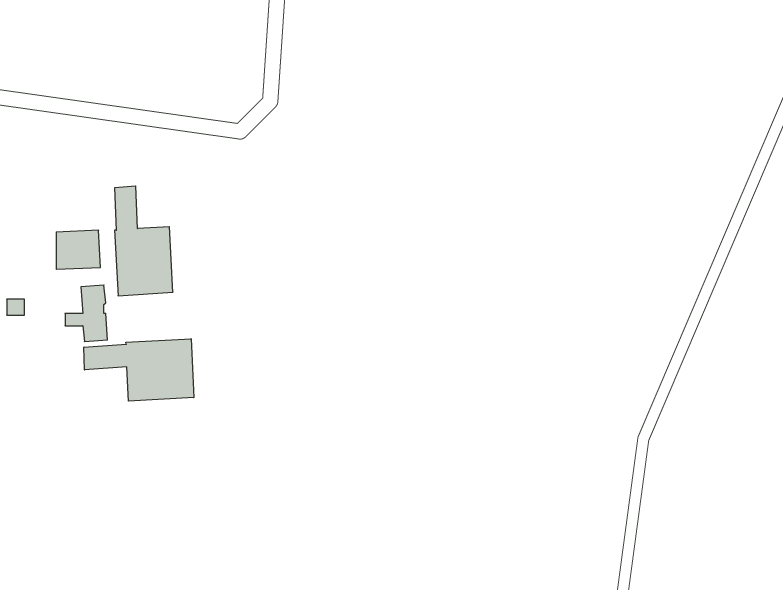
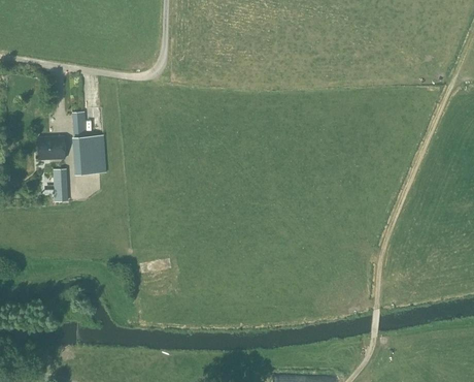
building: [84,339,194,401] -> none

